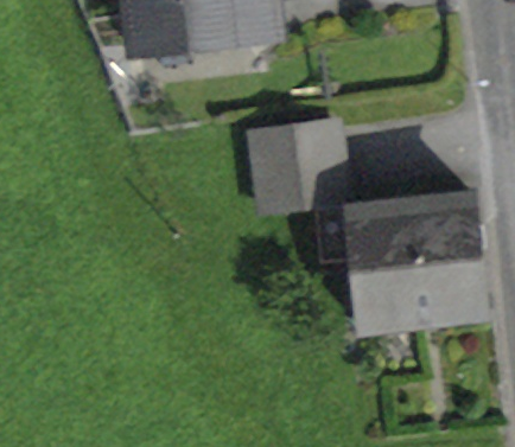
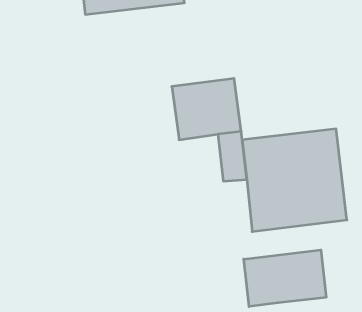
building: none -> [244,250,326,307]

